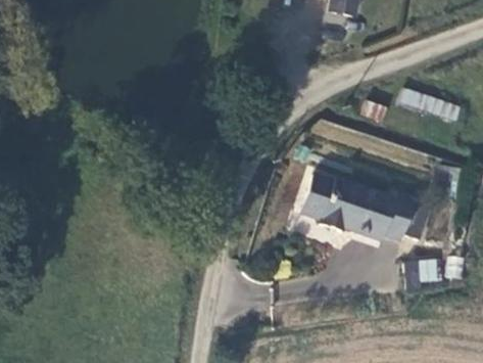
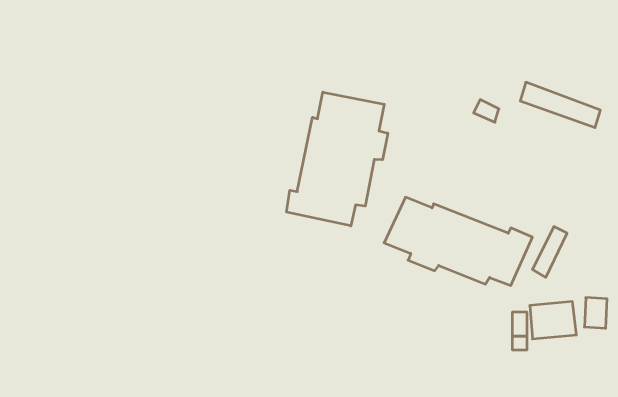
building: none -> [287,92,388,226]

